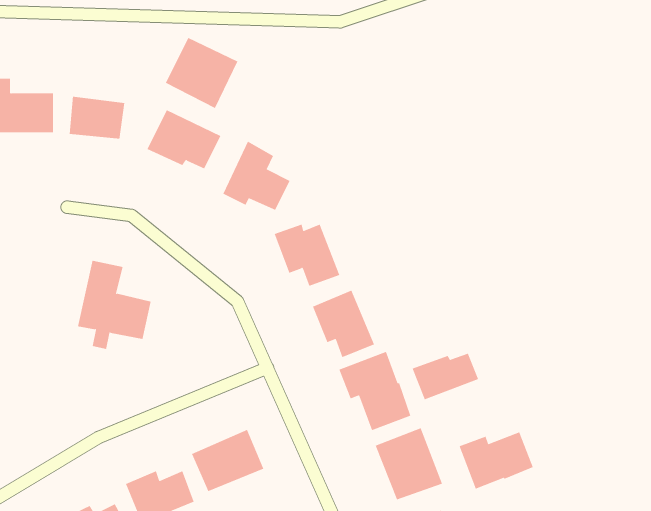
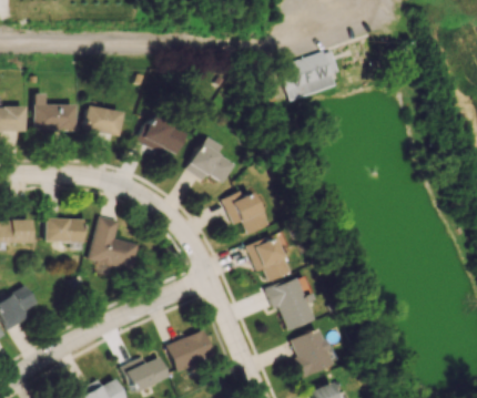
building: none -> [280,49,339,100]
building: [165,37,238,109] -> none
building: none -> [45,217,84,242]
building: [412,353,479,400] -> none
building: [459,432,534,489] -> none

